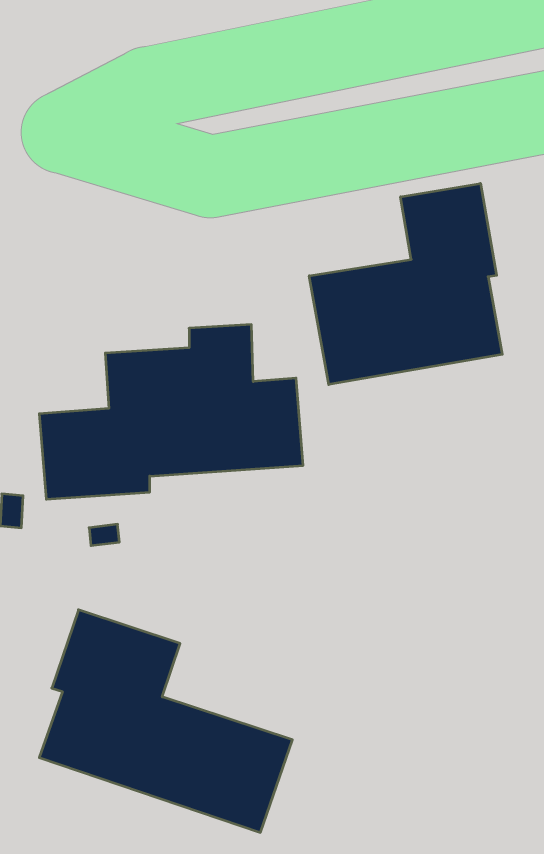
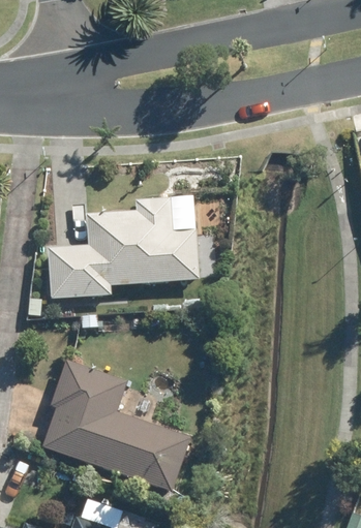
building: [309,183,502,385] -> none

